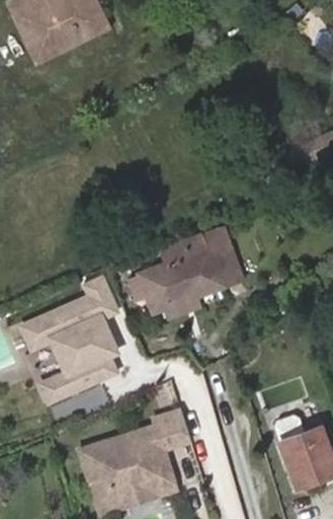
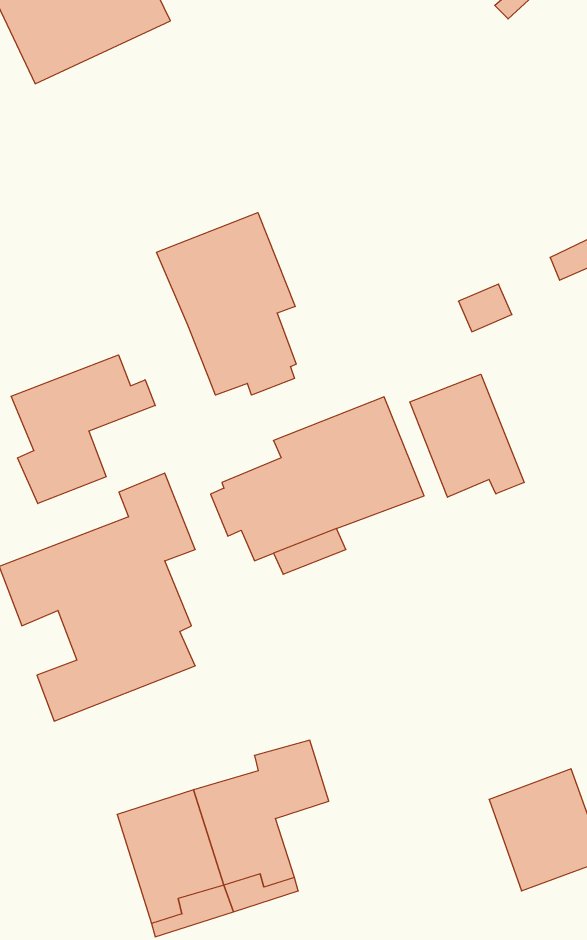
building: none -> [156,213,296,395]
building: none -> [11,355,155,504]
building: none -> [410,374,524,497]

